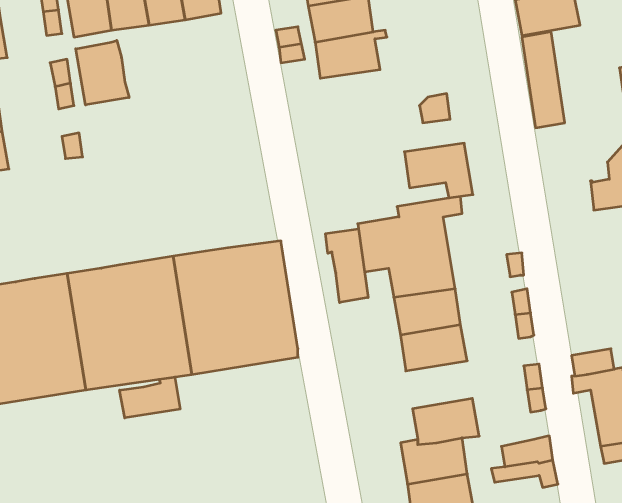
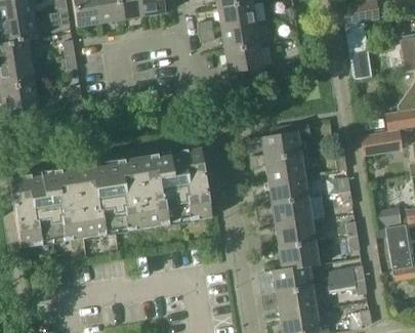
building: [76,40,129,105] -> none
building: [404,143,473,198] -> [225,45,266,78]
building: none -> [361,128,402,153]
building: [326,229,368,303] -> none
building: none -> [277,219,317,248]
building: [120,377,180,418] -> none

